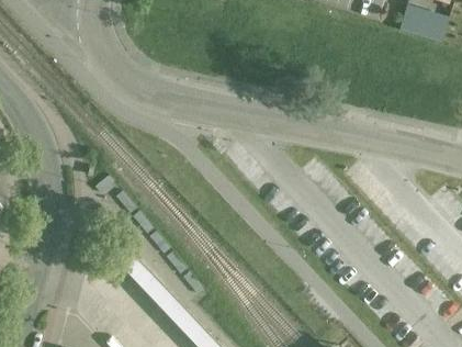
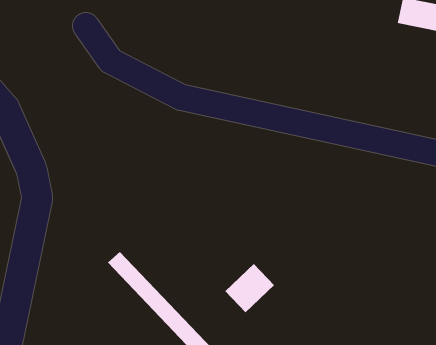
building: none -> [225,263,275,313]

